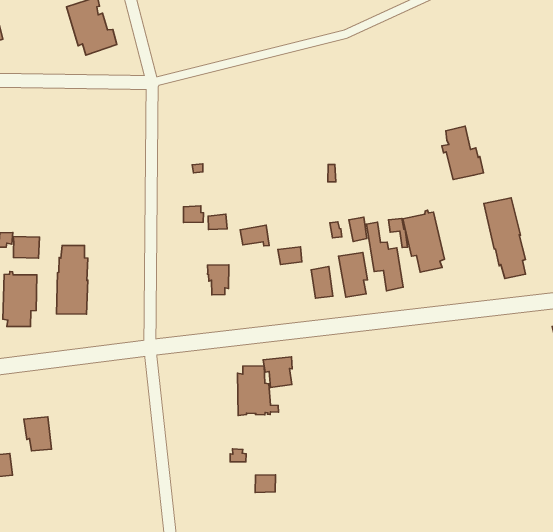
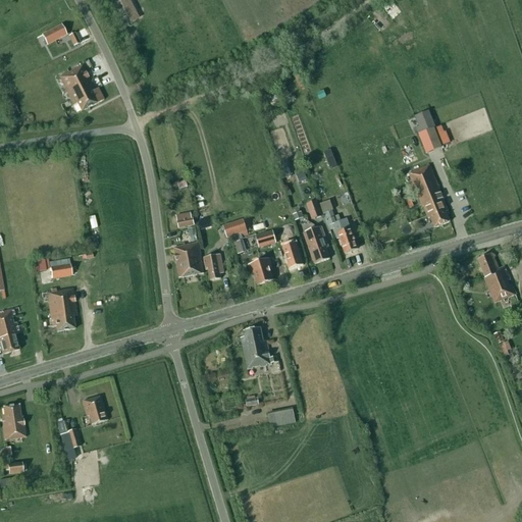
building: [442,126,483,179] -> [413,109,449,152]
building: [403,210,444,272] -> none
building: none -> [173,242,204,277]
building: [56,245,88,314] -> none
building: [263,357,292,387] -> [248,258,273,284]

